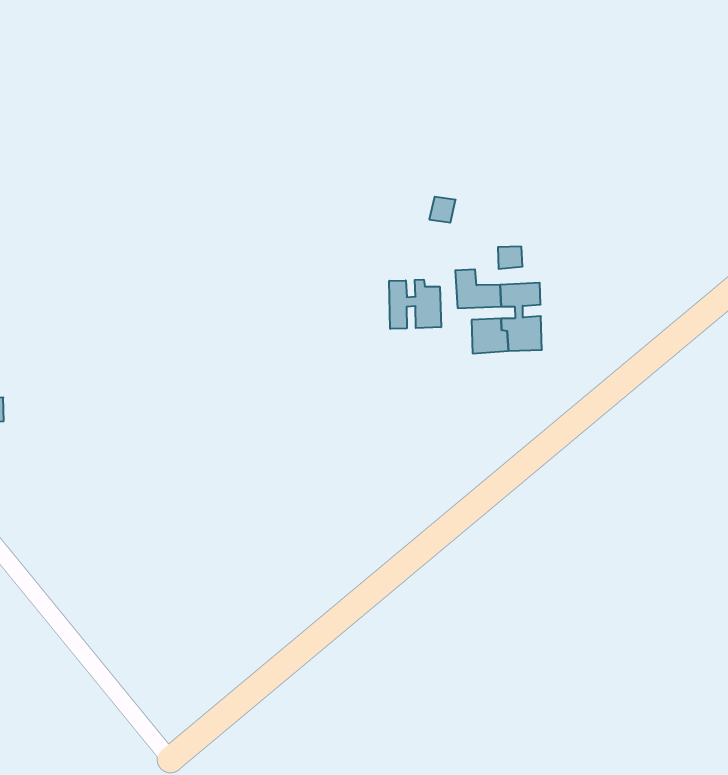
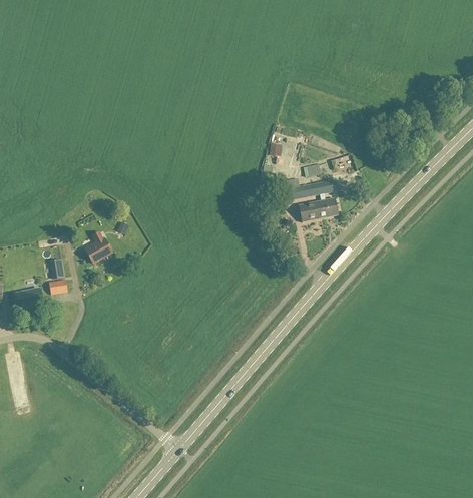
building: [389,280,441,329] -> none
building: none -> [84,230,111,263]

